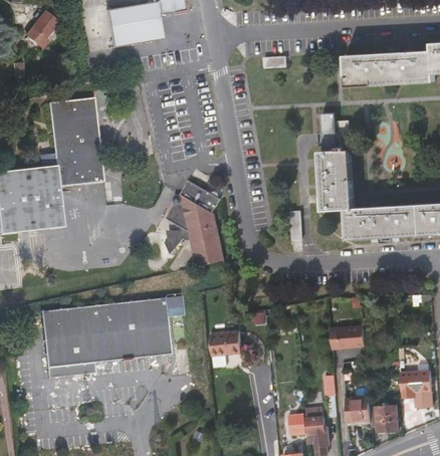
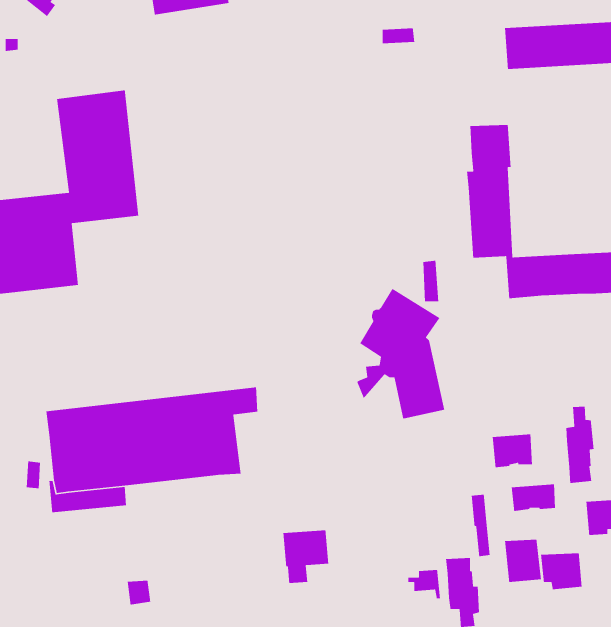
building: [164,179,223,267] -> [356,288,445,421]
building: none -> [566,406,594,484]
building: [210,330,241,367] -> [283,530,329,584]
building: none -> [511,484,556,512]

